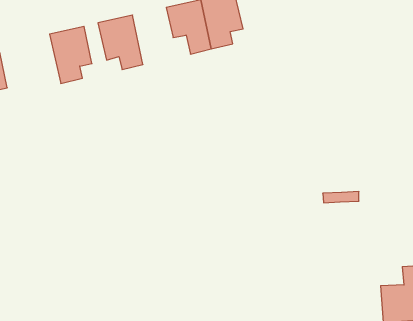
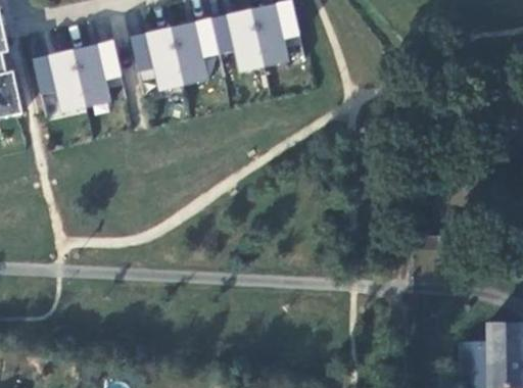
building: none -> [171,16,219,84]
building: none -> [33,48,86,111]

